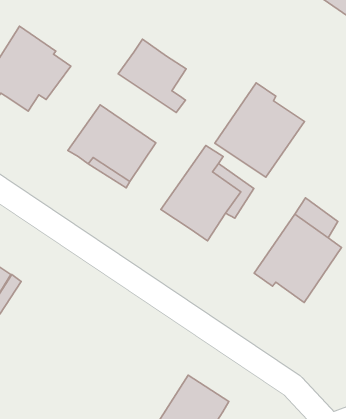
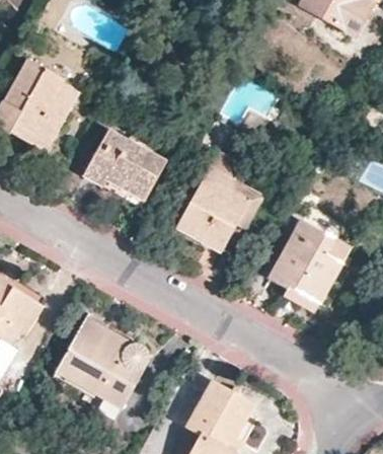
building: [118,39,186,113] -> none
building: [215,83,304,177] -> none
building: none -> [54,317,149,409]

